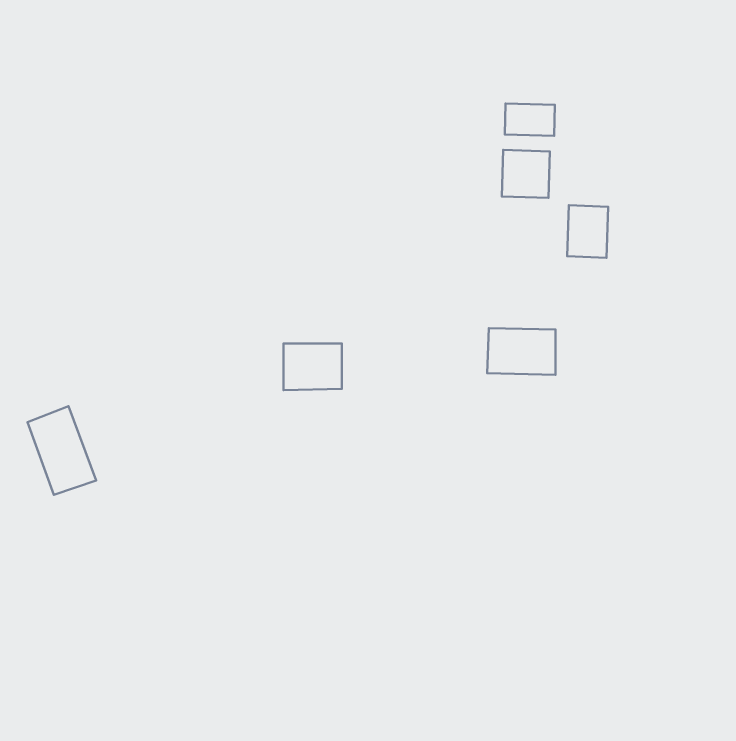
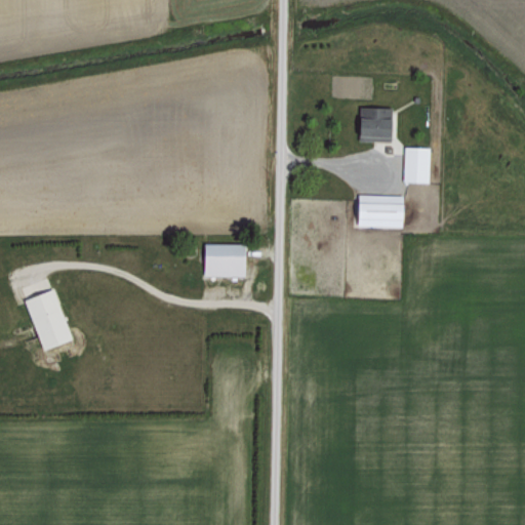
building: [505,103,555,136] -> none
building: [487,328,556,375] -> [357,195,405,228]

